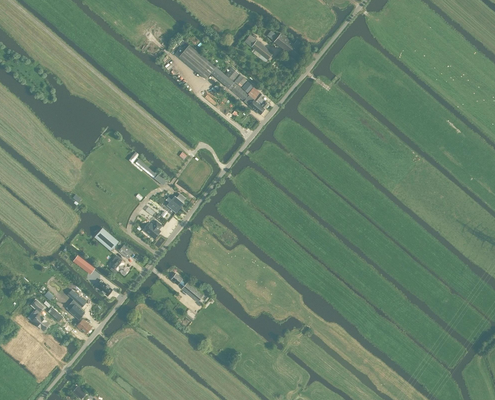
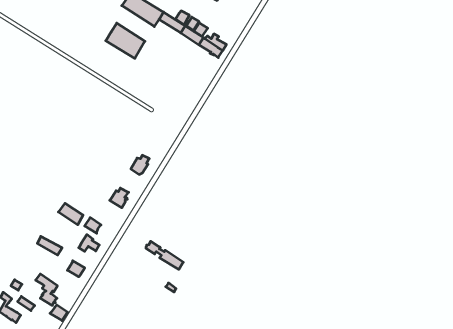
building: none -> [106,23,145,58]

